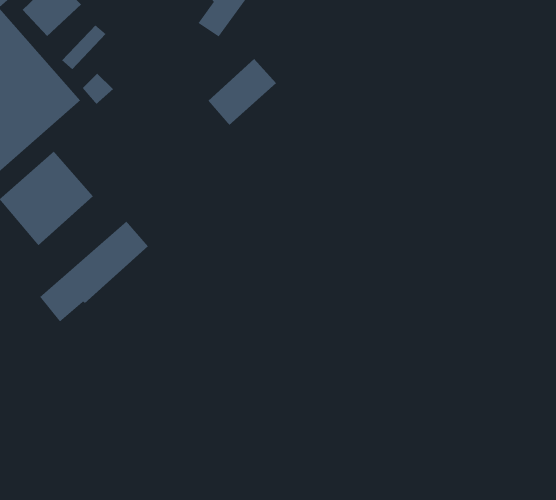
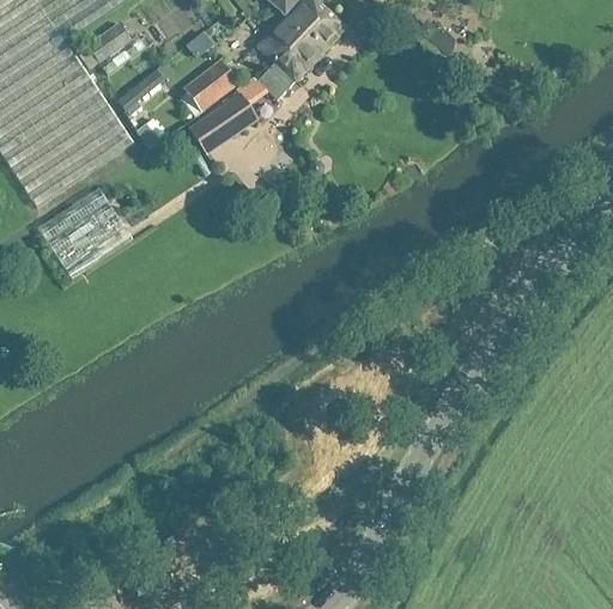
building: none -> [182,56,238,109]
building: [207,58,277,126] -> [187,90,257,153]
building: [39,220,149,322] -> none

